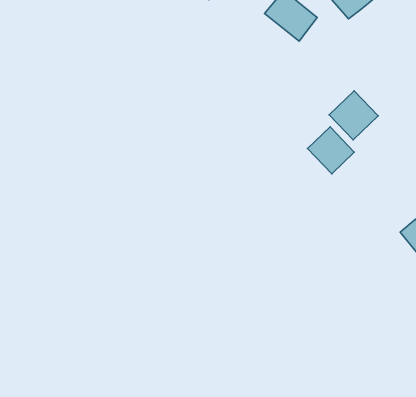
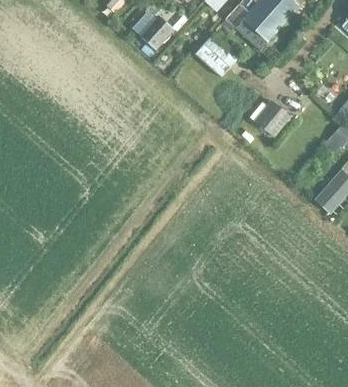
building: [308,127,354,174] -> none

